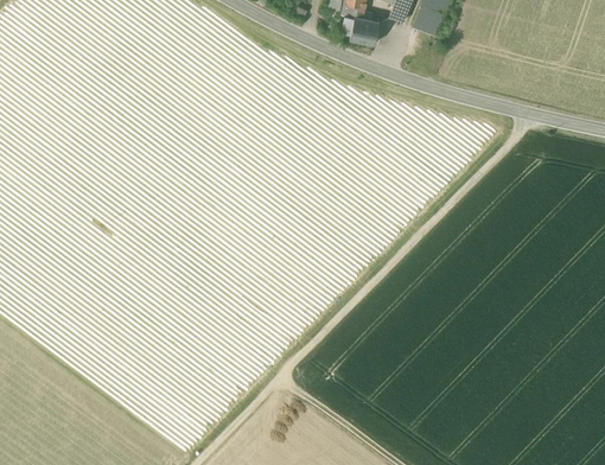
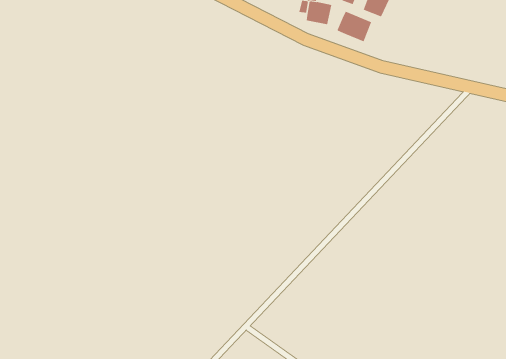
building: none -> [337,11,372,42]

